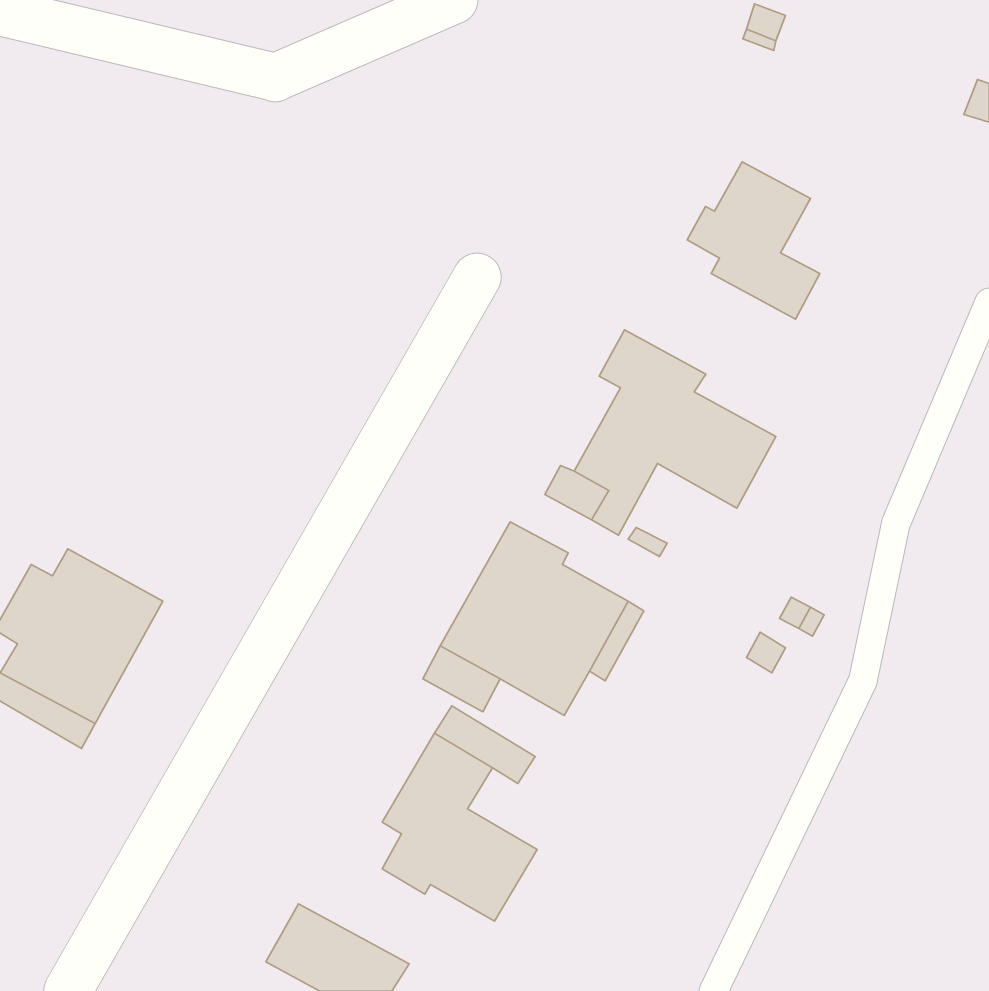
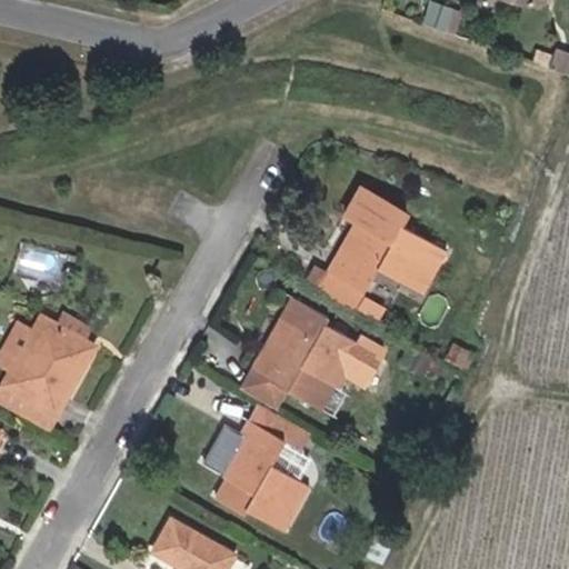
building: [687,162,820,319] -> none

